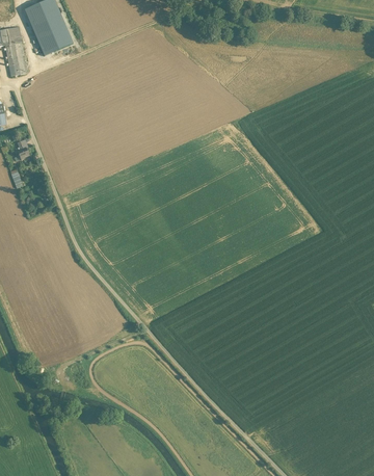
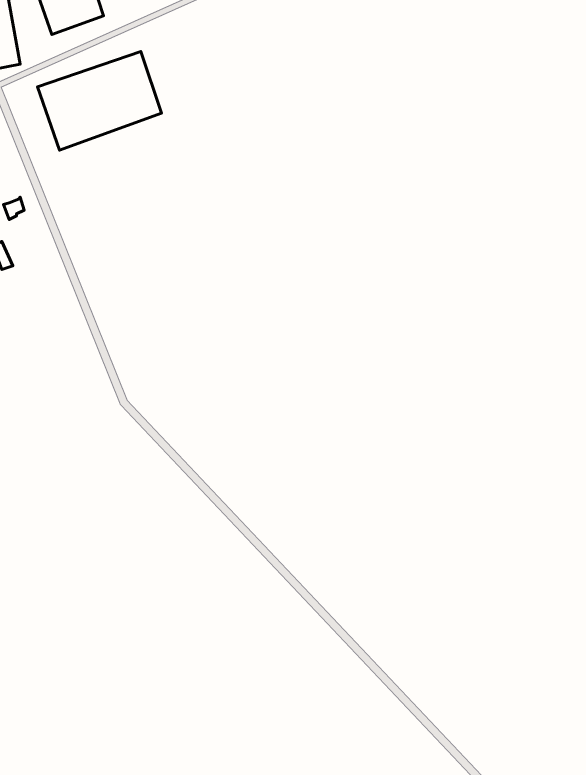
building: none -> [37,51,161,150]

